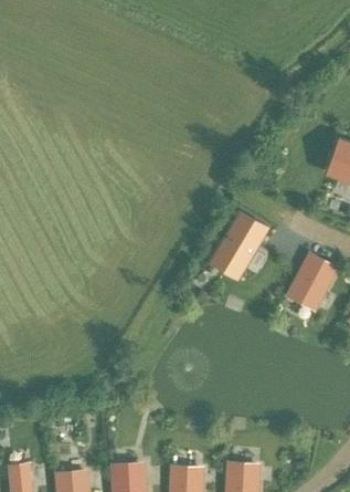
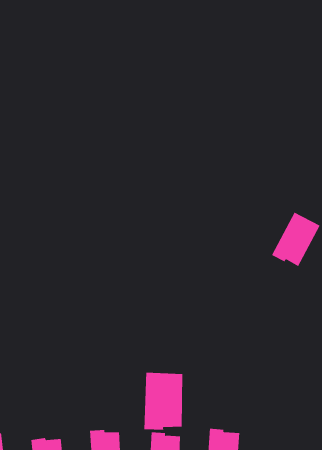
building: [216,213,265,268] -> none
building: none -> [144,372,183,431]

